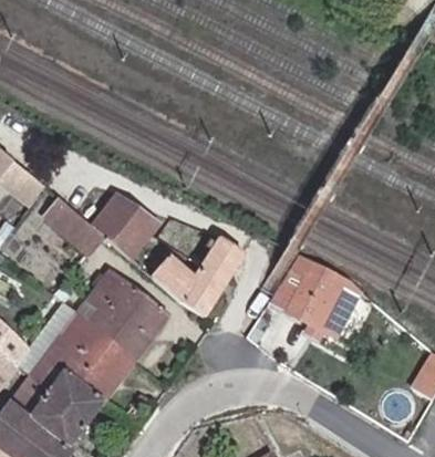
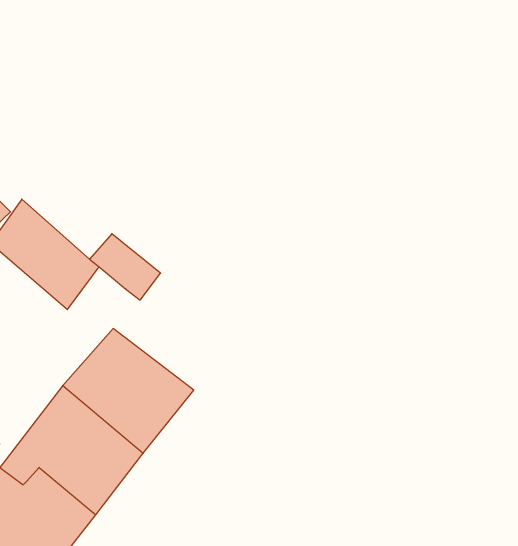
building: [111,189,160,236] -> none
building: [156,240,245,316] -> none
building: [289,263,361,346] -> none

